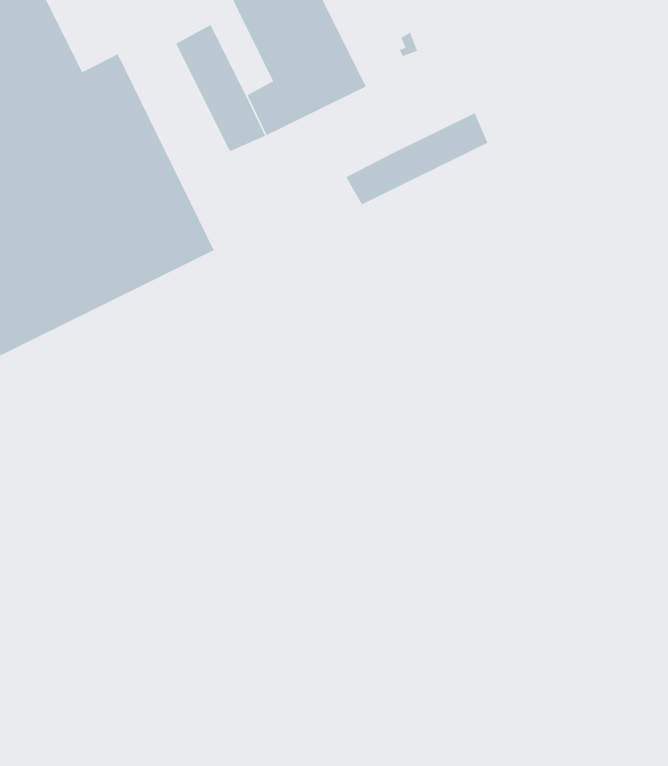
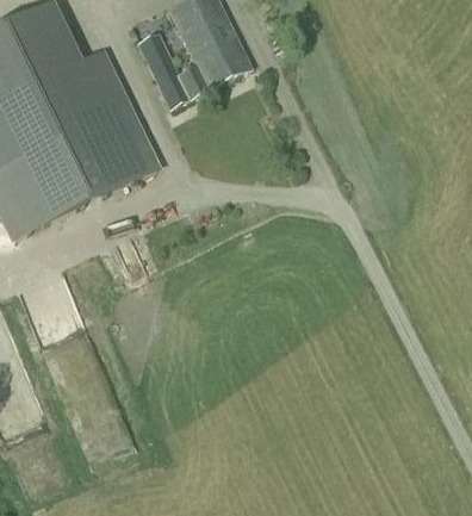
building: [345,112,488,205] -> none

